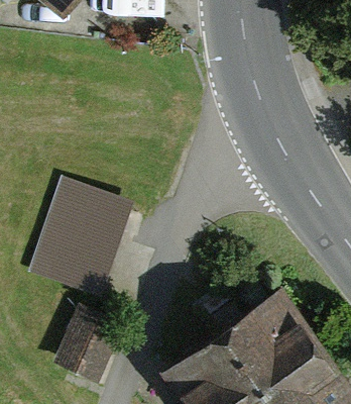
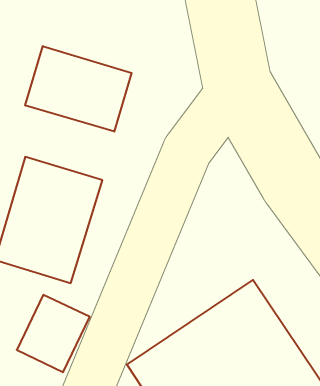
building: none -> [25,46,132,132]

